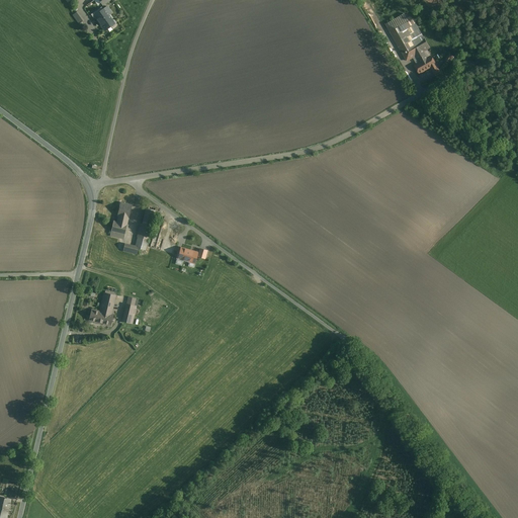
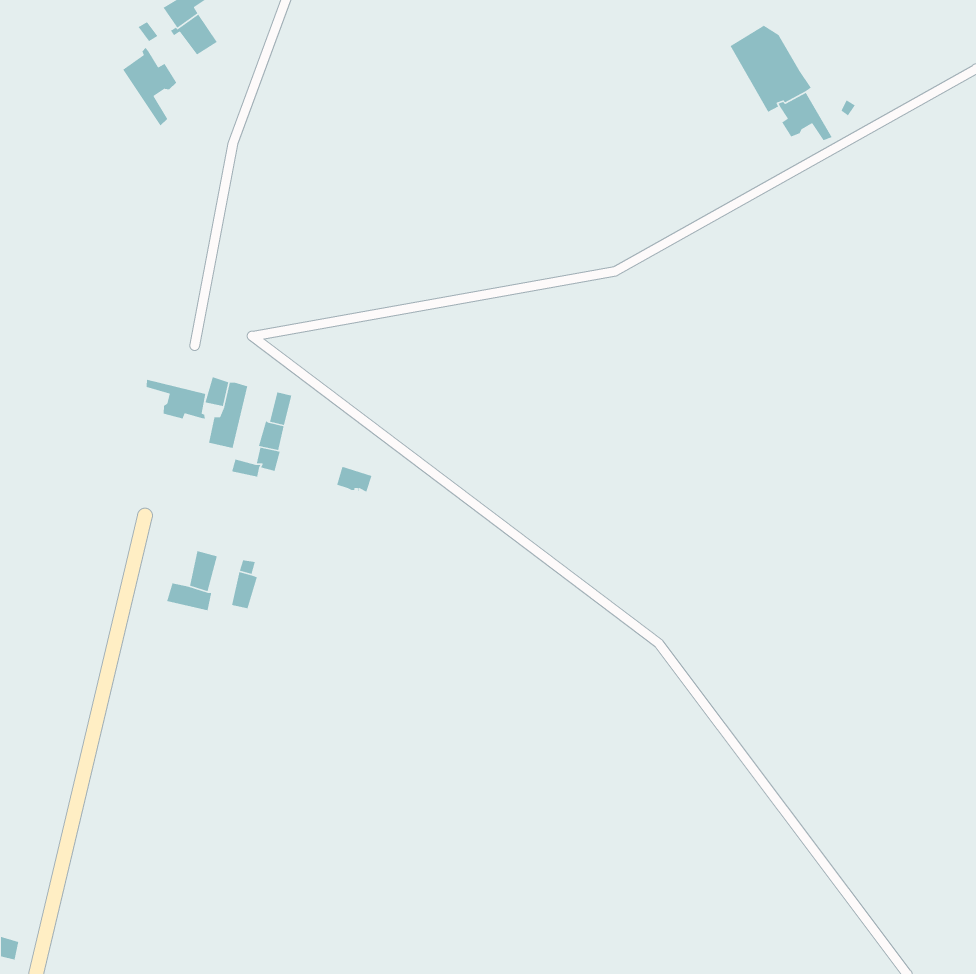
building: none -> [122,47,177,127]
building: none -> [146,379,206,419]

